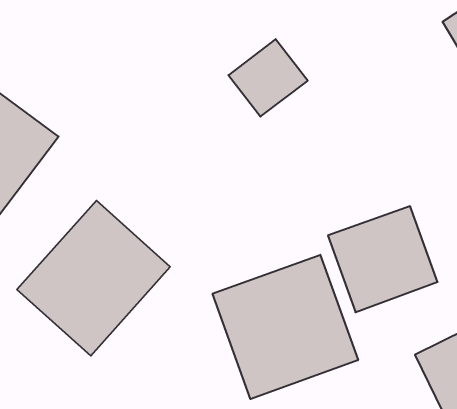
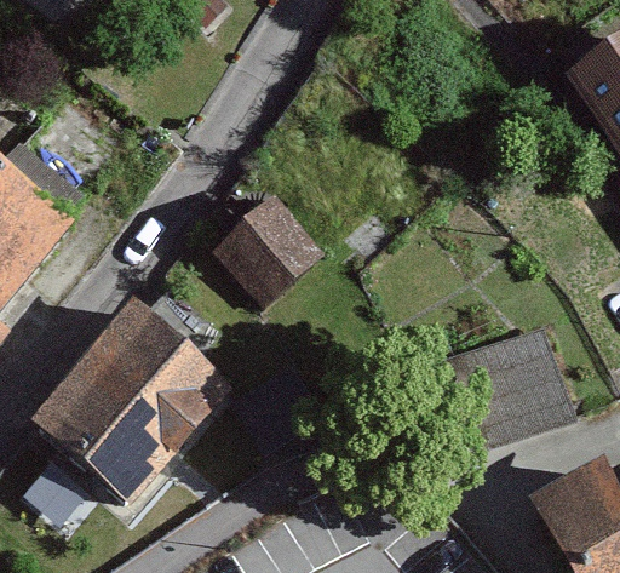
building: [228,39,308,117] -> [217,199,318,298]
building: [213,255,358,399] -> none

